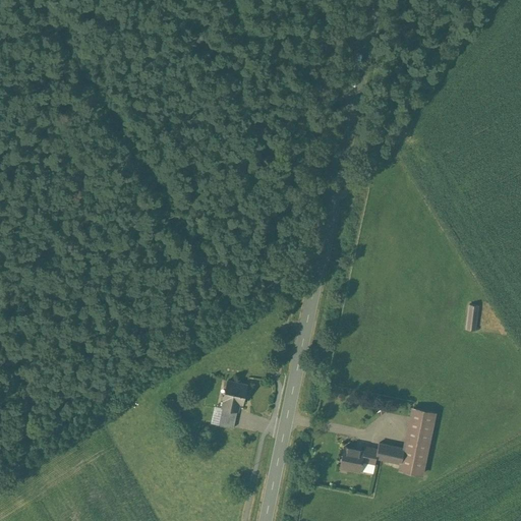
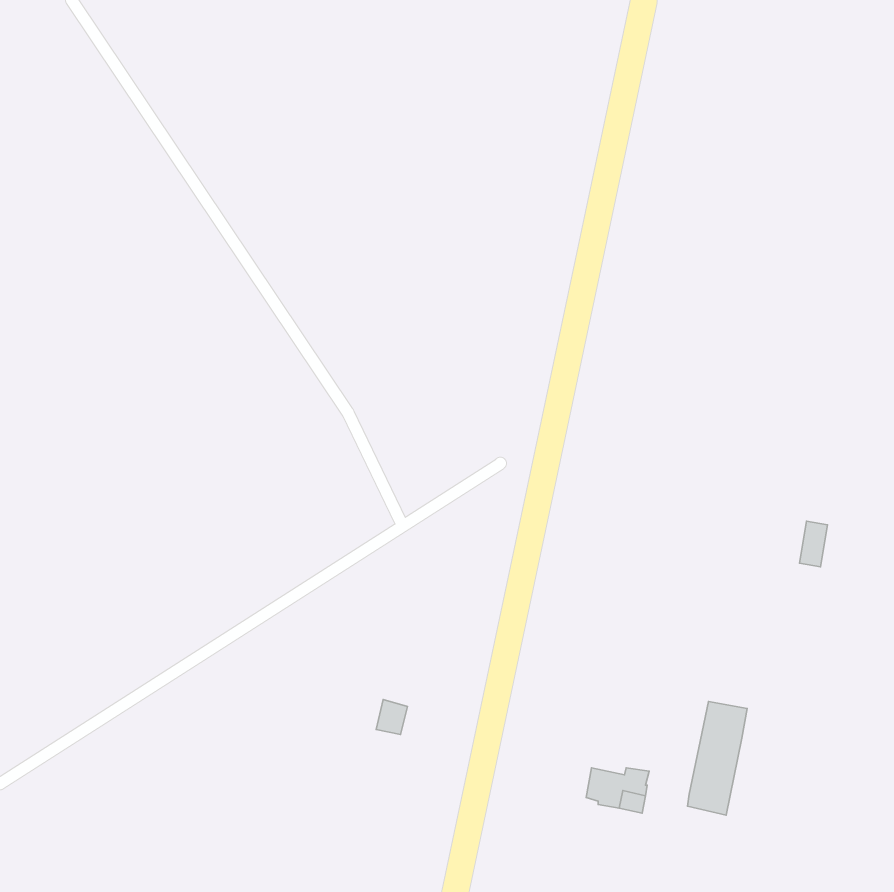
building: [223,382,247,412] -> none
building: [375,444,404,463] -> none

